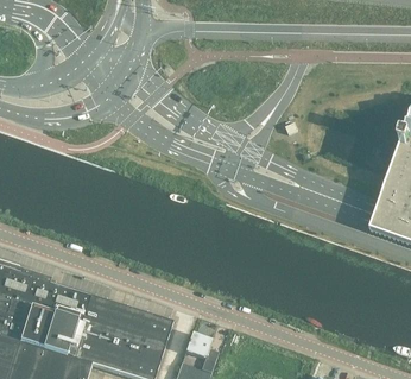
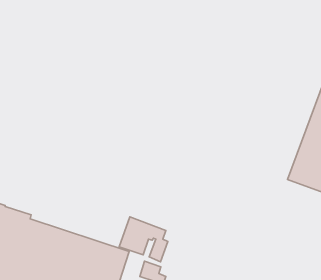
building: none -> [119,217,168,262]

